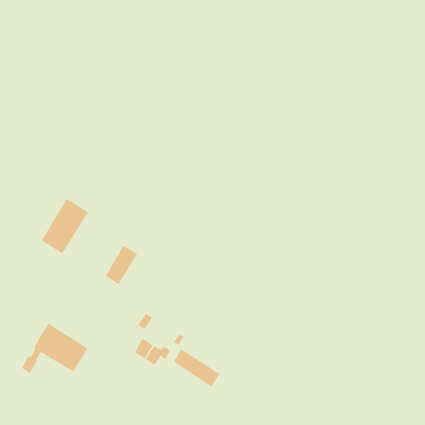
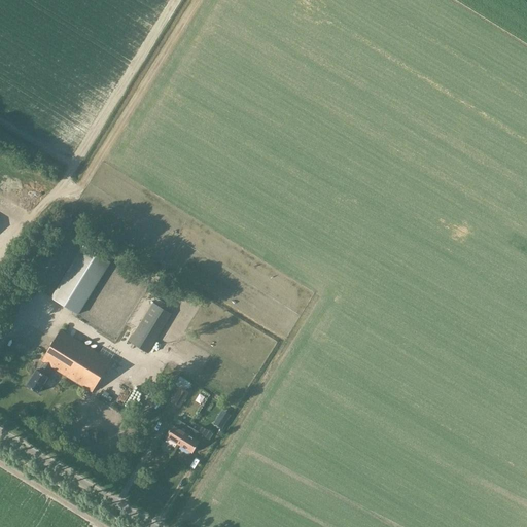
building: [21,322,88,374] -> [27,329,110,393]
building: [173,348,220,388] -> none

